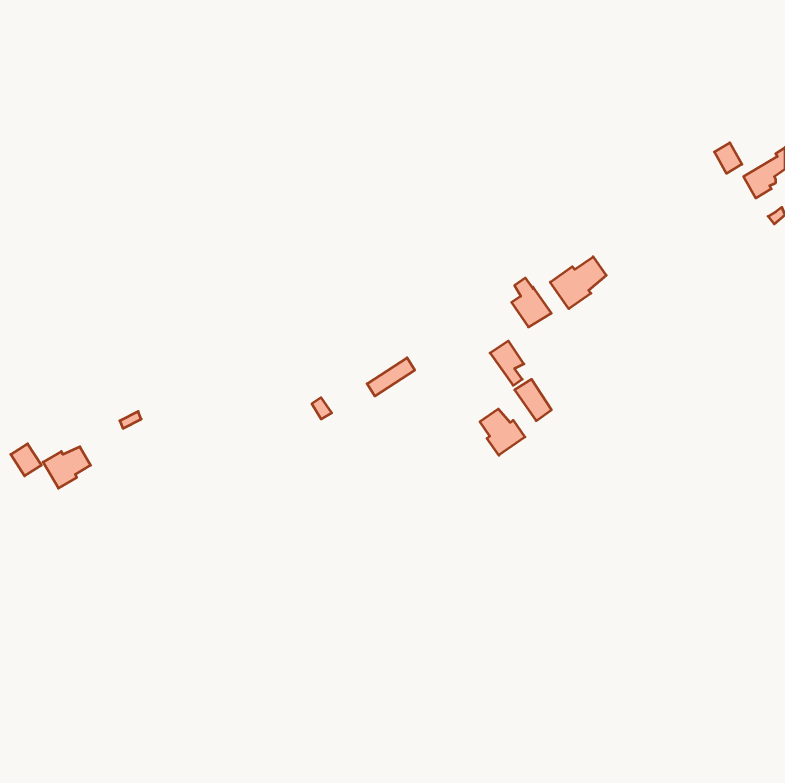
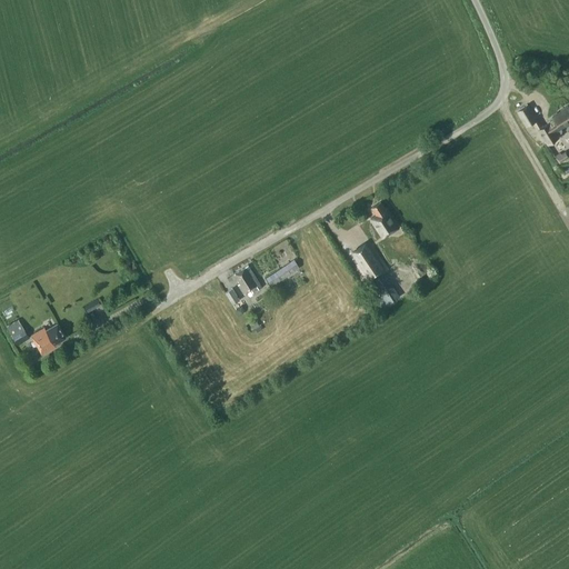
building: [550,257,606,309] -> none
building: none -> [234,266,262,296]
building: [480,409,525,455] -> none

